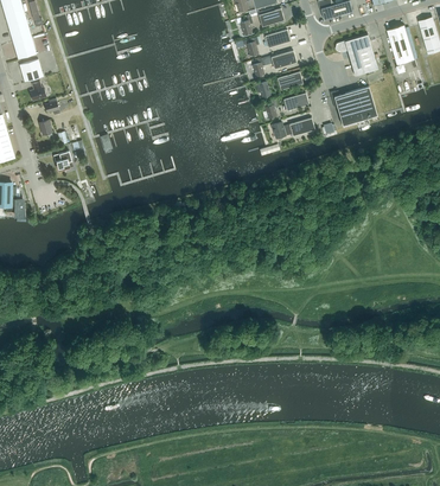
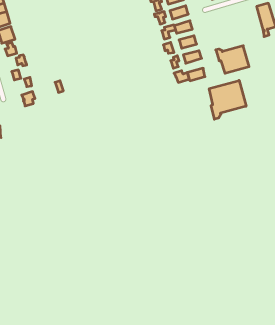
building: [336,33,378,75] -> none
building: none -> [209,80,246,119]

